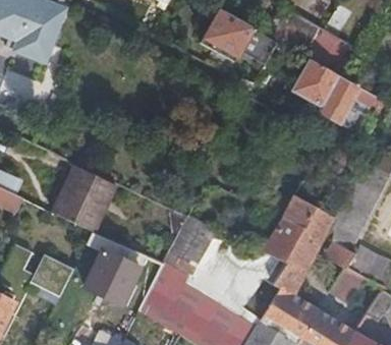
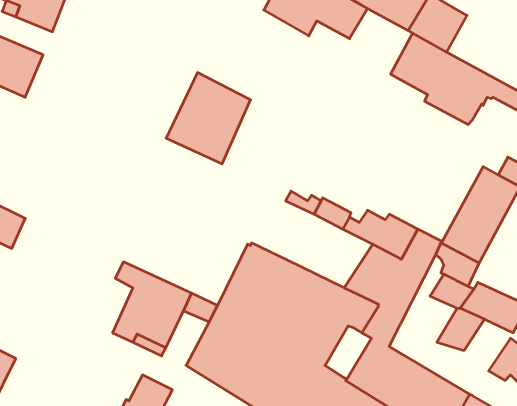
building: [50,163,113,231] -> [166,73,251,164]
building: [30,255,72,298] -> none

